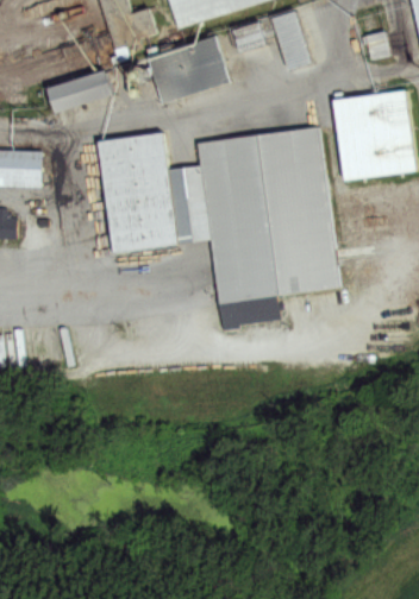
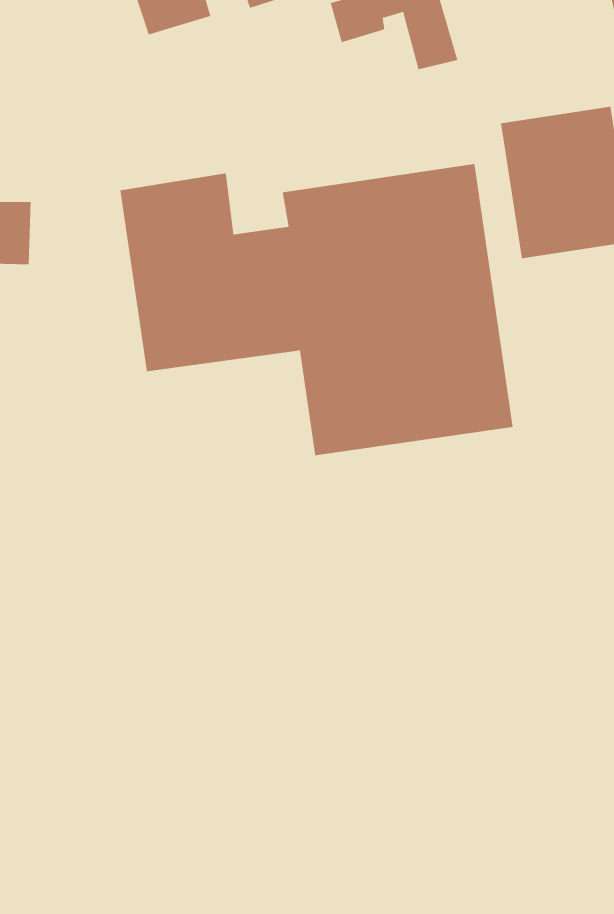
building: [363,29,388,56] -> none
building: [148,33,230,102] -> none
building: [48,69,113,115] -> none

